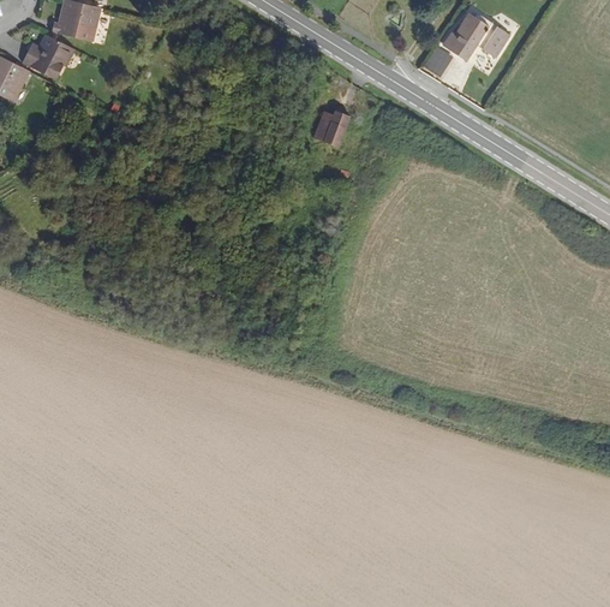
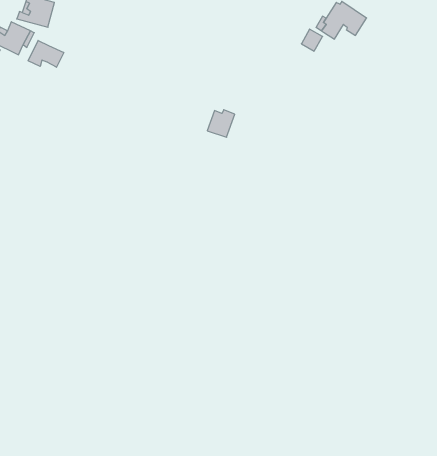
building: none -> [28,40,64,67]
building: [313,111,349,147] -> [207,110,235,137]

